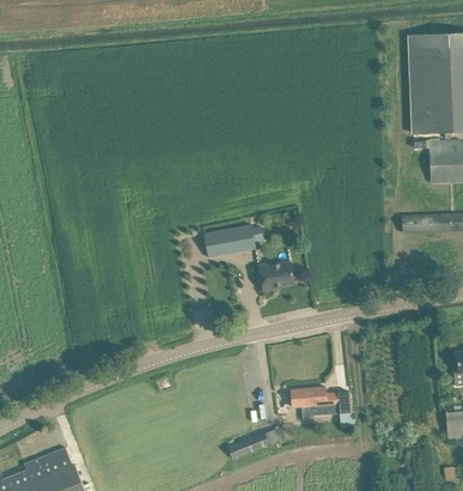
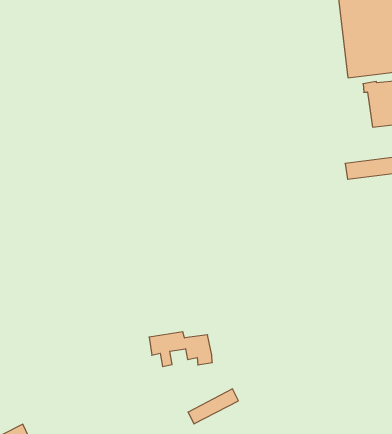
building: [203,224,263,257] -> none
building: [257,261,293,291] -> none
building: [291,387,351,420] -> [149,332,212,367]

